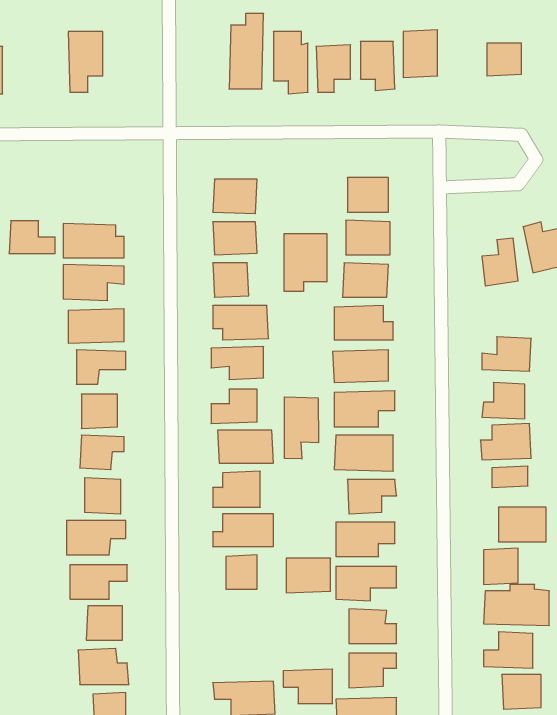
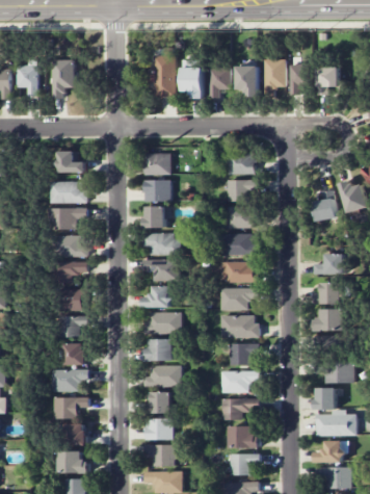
building: none -> [289,63,309,95]
building: none -> [17,66,38,96]
building: [9,221,55,254] -> [57,151,86,172]
building: [284,234,327,291] -> none
building: [284,397,318,459] -> none
building: [286,558,331,593] -> [146,418,174,440]
building: [283,669,333,704] -> [143,444,175,466]

